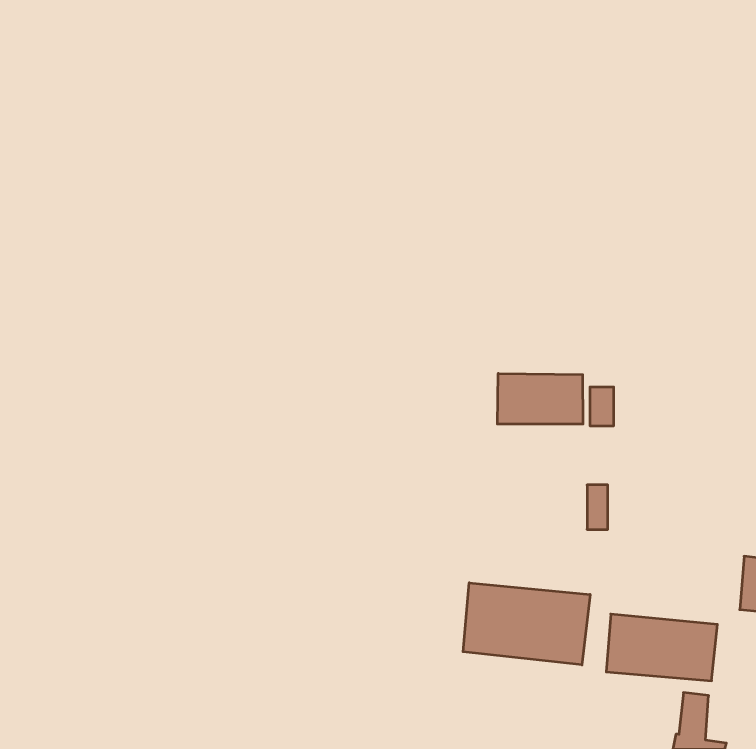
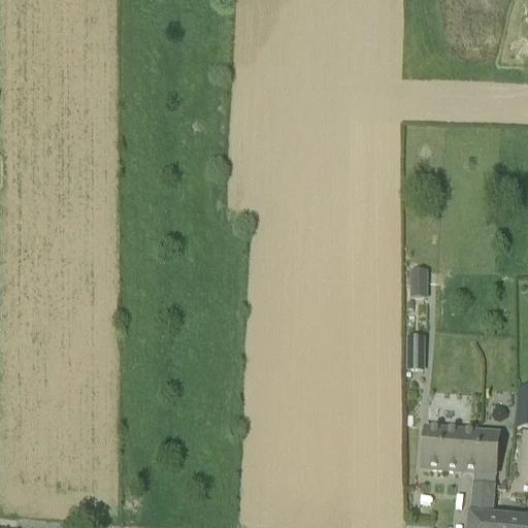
building: [497,373,583,424] -> none
building: [463,583,590,665] -> none

